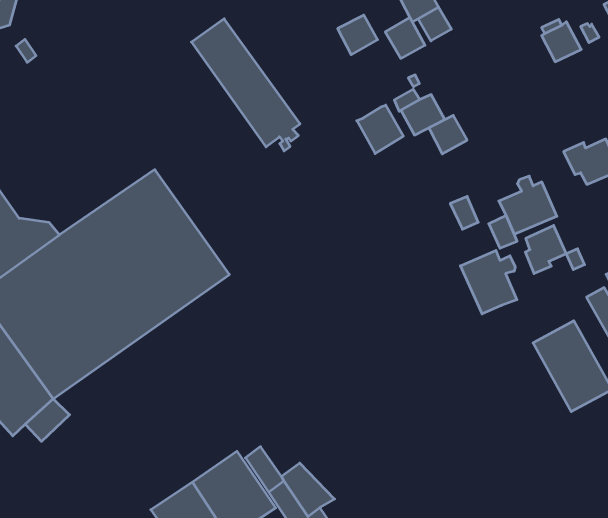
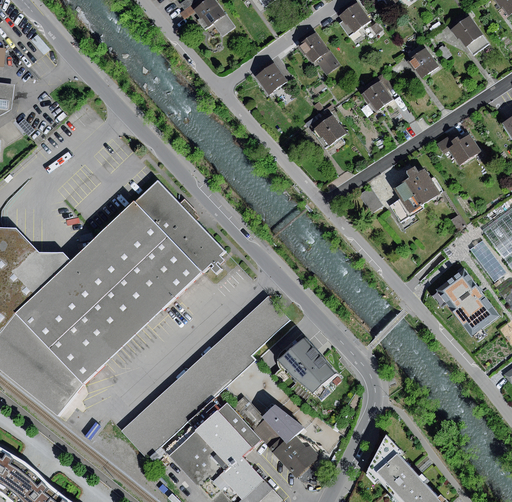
building: [385,18,425,58] -> none
building: [191,19,300,151] -> [134,180,224,272]
building: [357,105,403,154] -> none
building: [429,115,467,154] -> [362,81,392,111]
building: [525,225,566,274] -> none
building: [460,250,517,314] -> none
building: none -> [121,296,289,458]
building: none -> [280,339,338,394]

